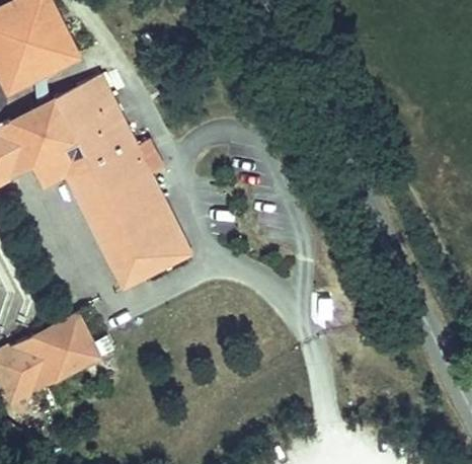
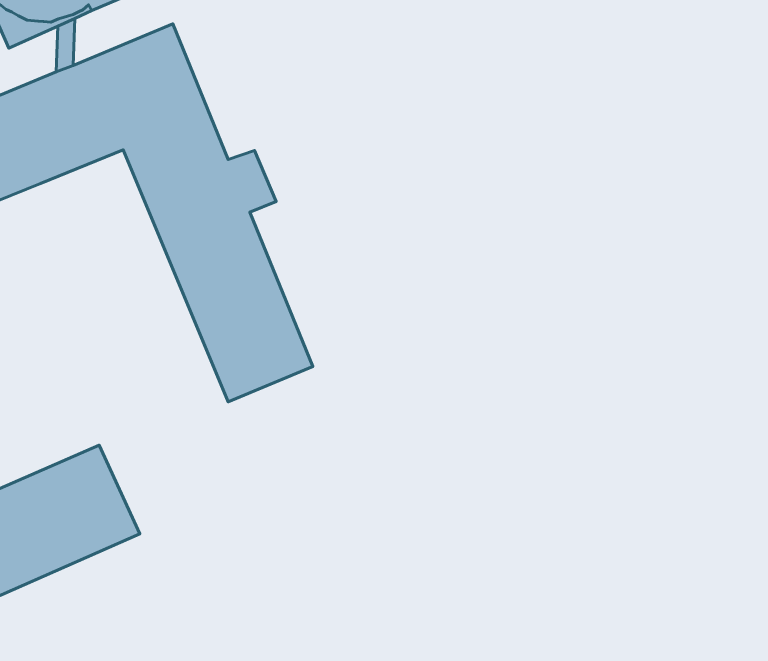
building: [32,145,146,292] -> none

